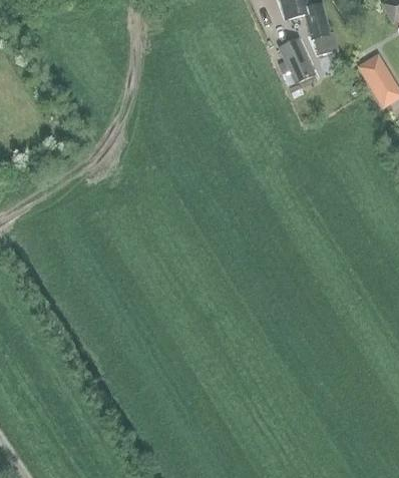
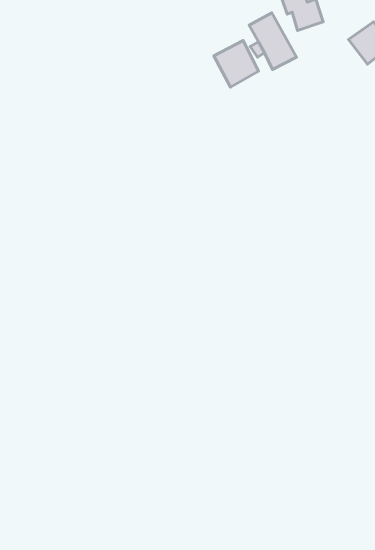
building: none -> [214,40,258,87]

